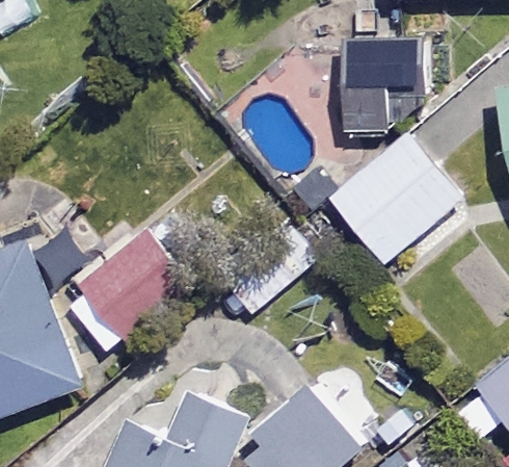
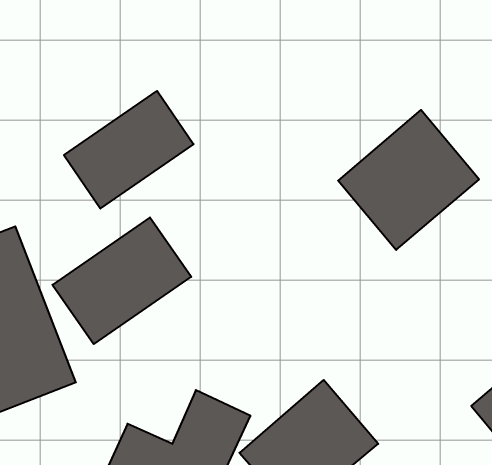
building: [342,36,431,136] -> none
building: none -> [64,91,194,209]

